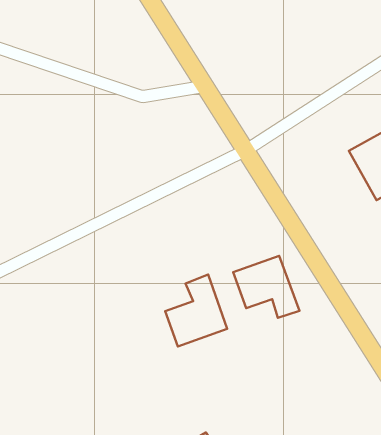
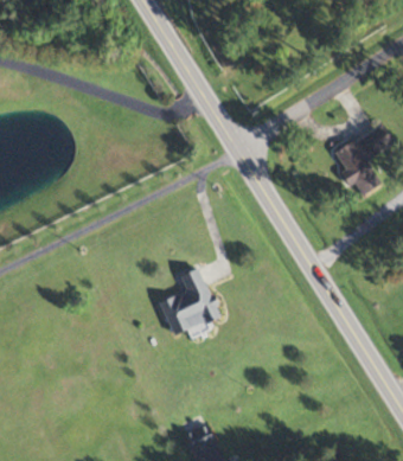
building: [233,256,299,318] -> none

